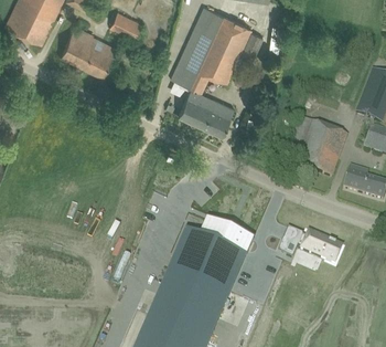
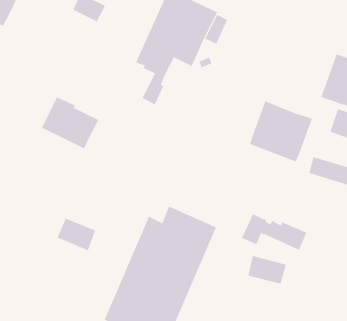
building: [61,25,118,77] -> [41,96,99,149]
building: [191,93,235,136] -> none
building: none -> [57,218,96,251]
building: none -> [248,255,287,285]

